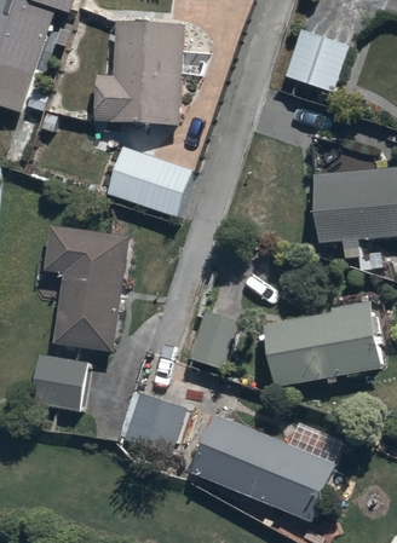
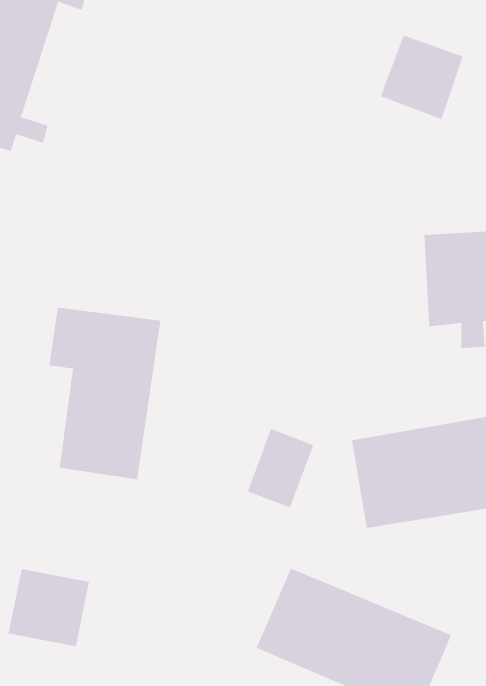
building: [92,21,182,123] -> none
building: [108,148,190,215] -> none
building: [28,356,87,412] -> [8,568,90,647]
building: [122,393,185,456] -> none

